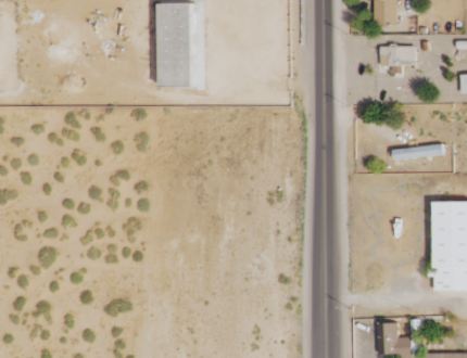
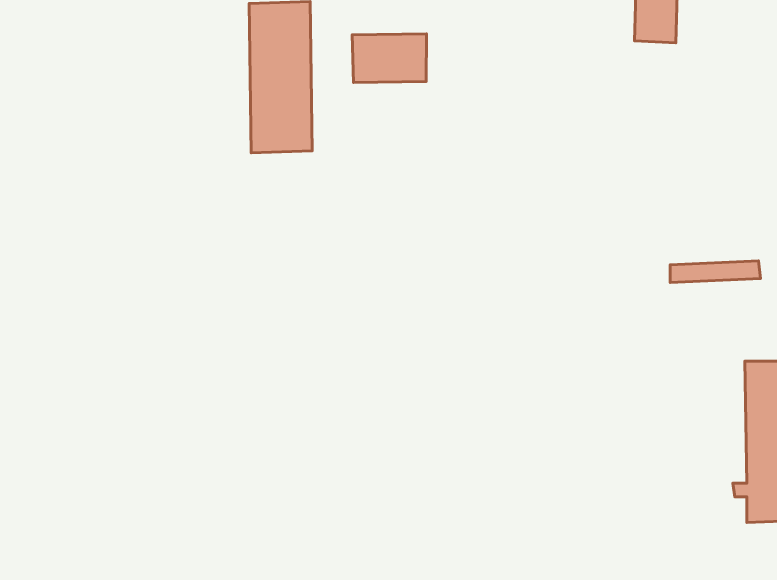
building: none -> [352,34,427,82]
building: [381,46,416,73] -> none

